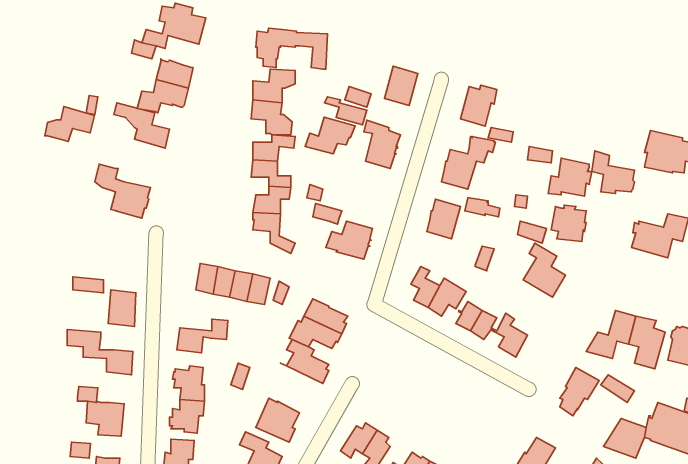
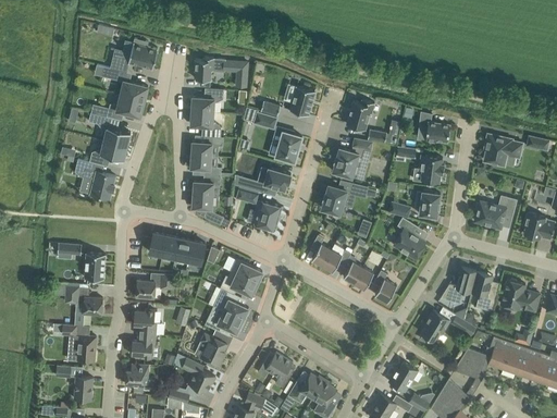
building: [45,107,94,142] -> [89,140,126,167]
building: [305,117,355,154] -> [253,169,290,196]
building: [592,151,634,193] -> [418,111,449,143]
building: none -> [203,307,244,333]

